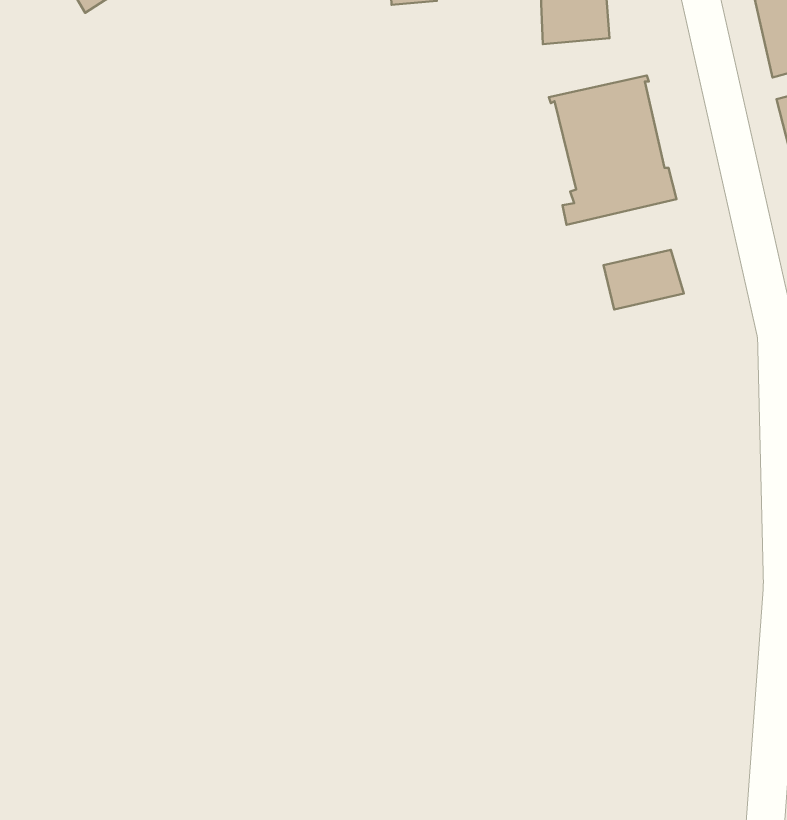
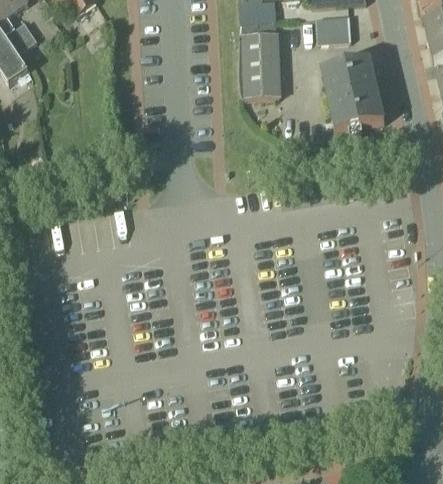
building: none -> [239,30,279,96]
building: [604,250,684,310] -> none

